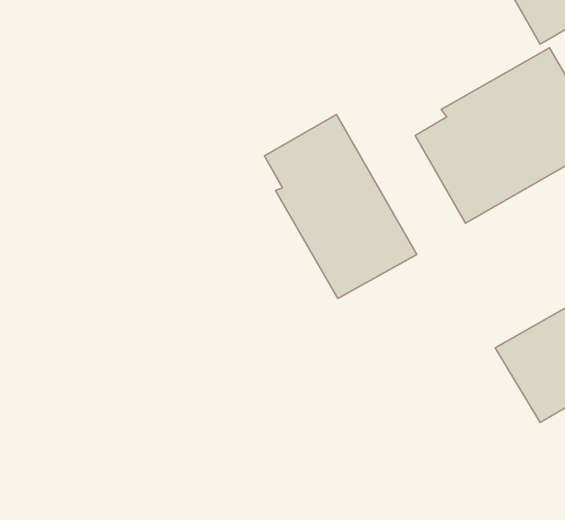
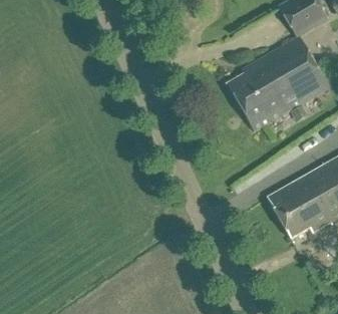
building: [265,115,417,298] -> none

